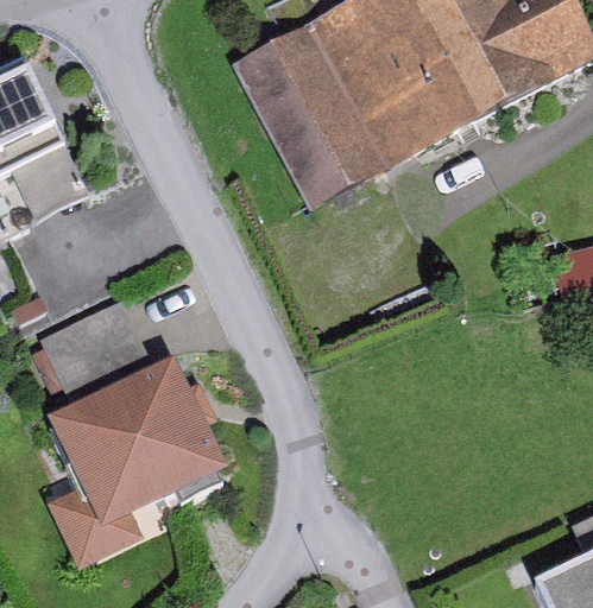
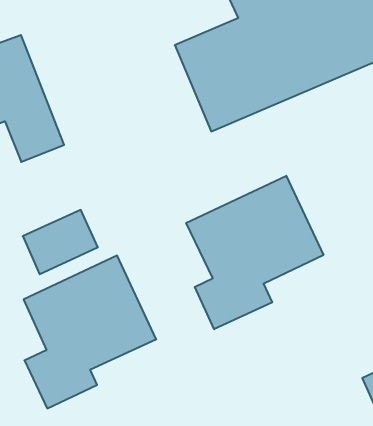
building: none -> [186,176,323,329]

